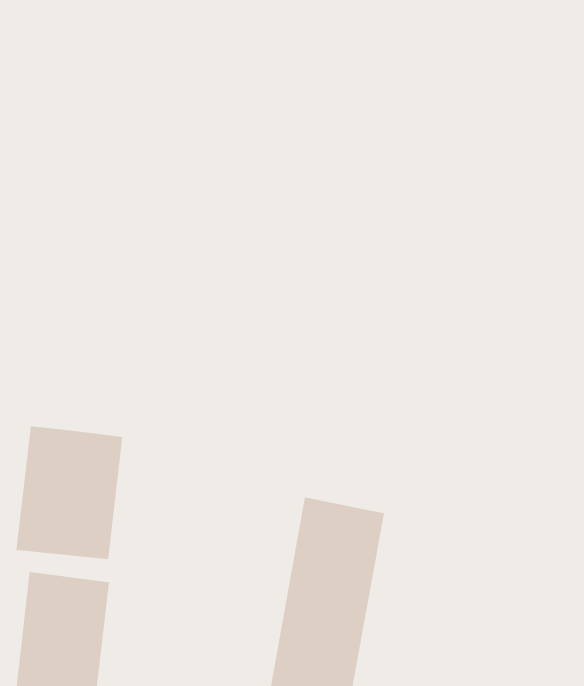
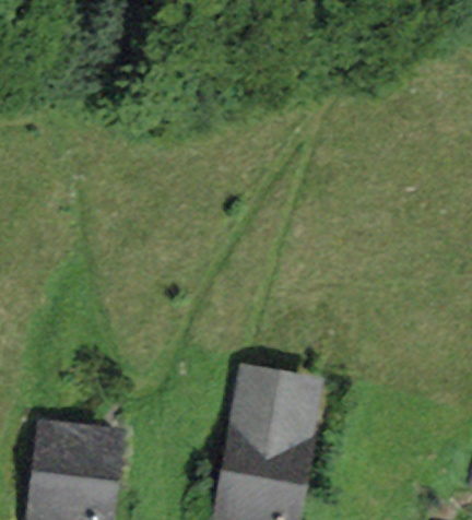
building: [16,425,123,560] -> none

